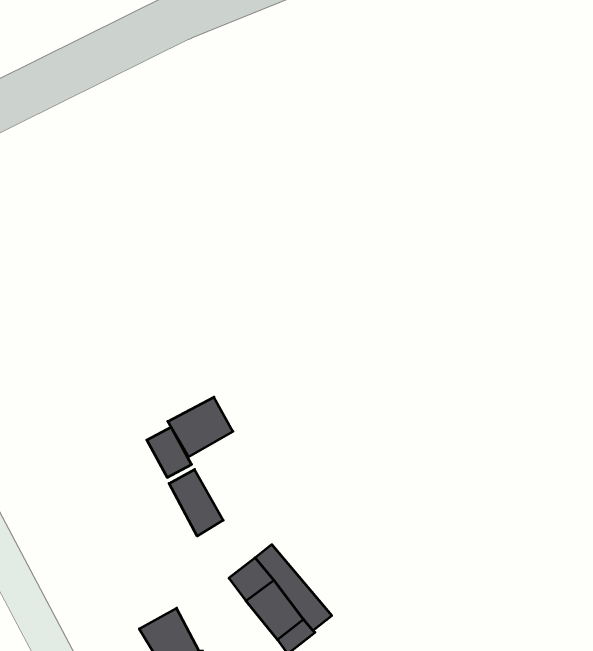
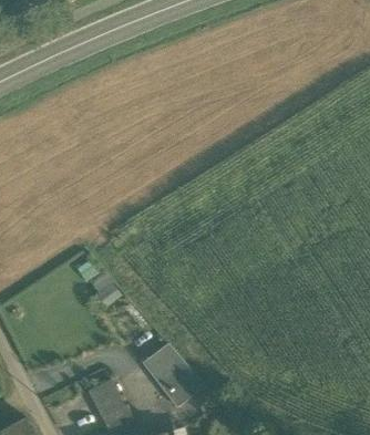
building: [168,397,233,457] -> none
building: [169,469,223,536] -> none

